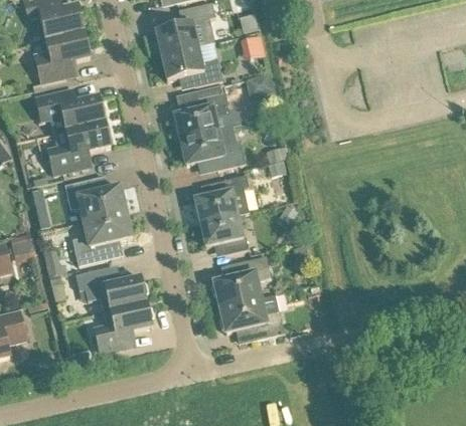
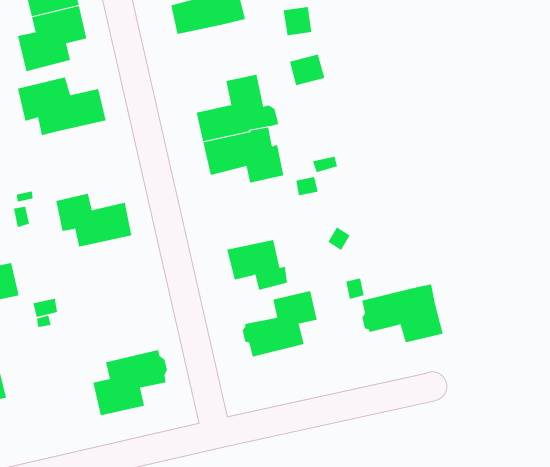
building: [160,45,222,86] -> none
building: [46,121,110,174] -> none
building: [194,174,249,222] -> none
building: [71,211,131,264] -> none
building: [74,266,147,310] -> none
building: [219,293,284,340] -> [362,284,443,343]

